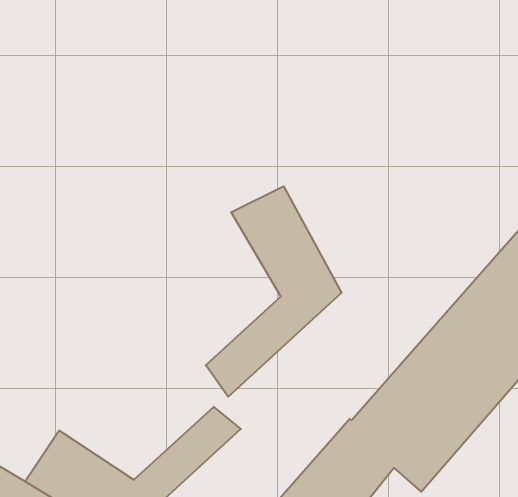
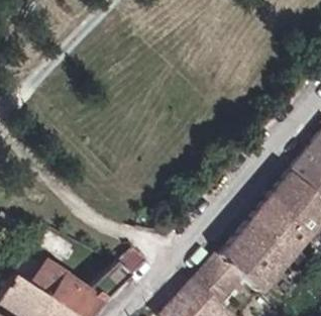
building: [206,186,341,397] -> none

